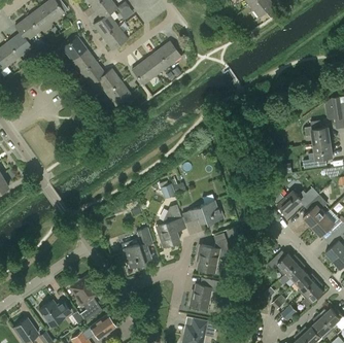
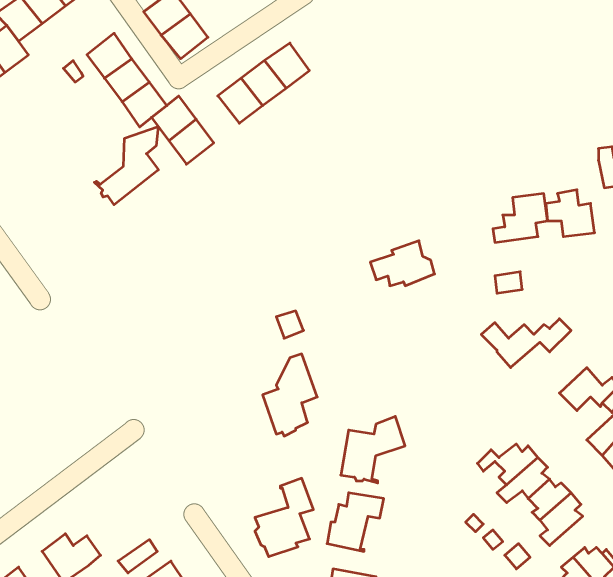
building: none -> [94,126,158,205]
building: [304,142,333,168] -> [493,194,548,242]
building: [304,194,328,227] -> none
building: [188,201,222,225] -> [370,241,435,286]
building: [123,228,153,269] -> [255,478,313,557]
building: [70,277,98,305] -> none

